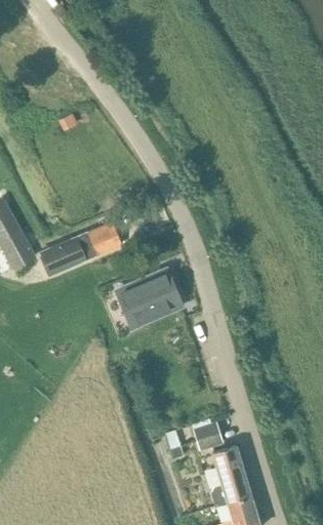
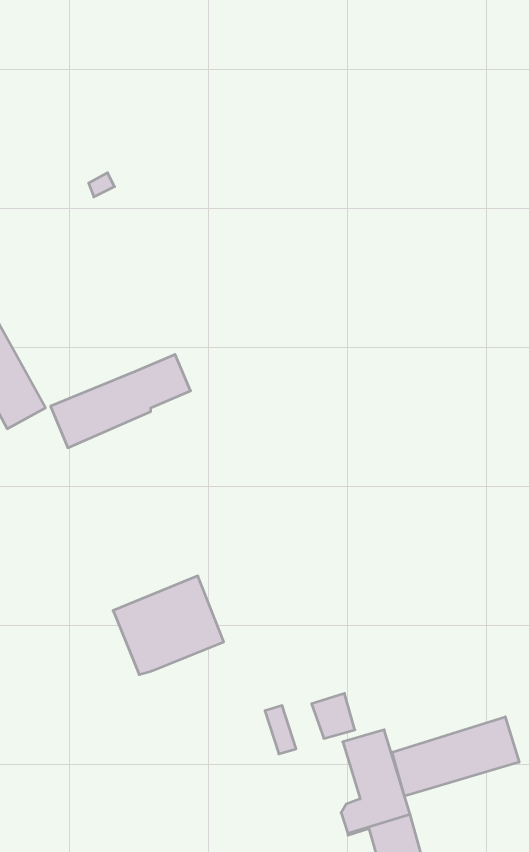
building: [116,270,181,328] -> [113,576,224,675]
building: none -> [392,717,519,796]

